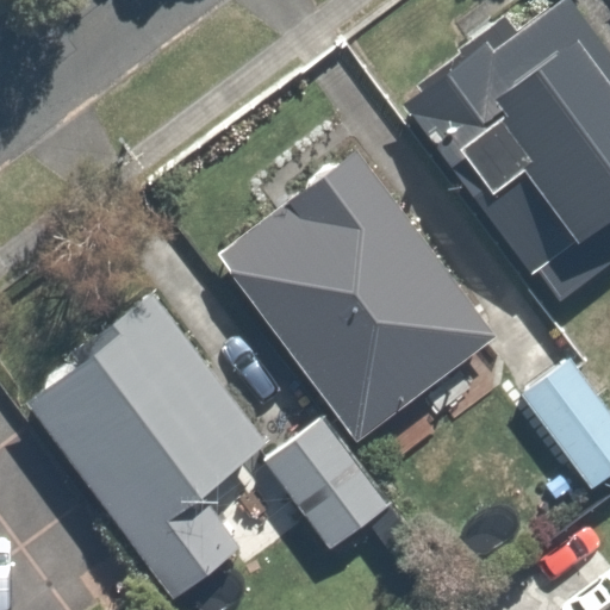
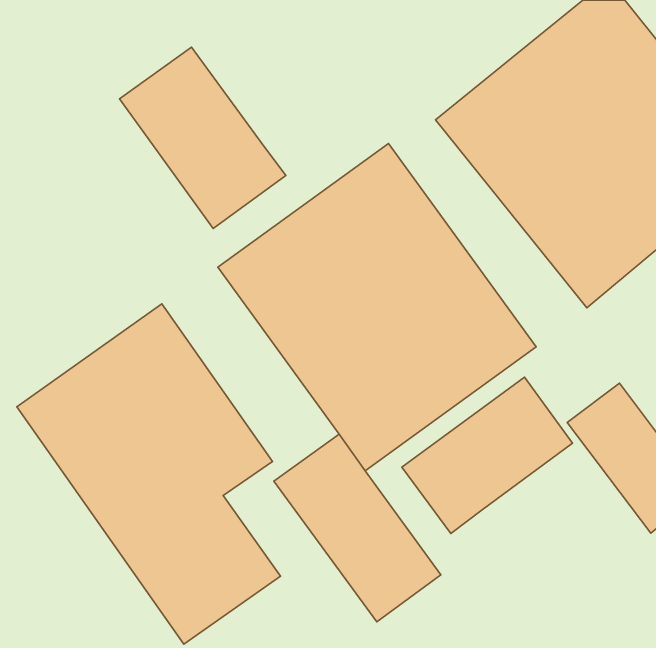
building: none -> [119,47,286,229]
building: none -> [402,377,573,534]

